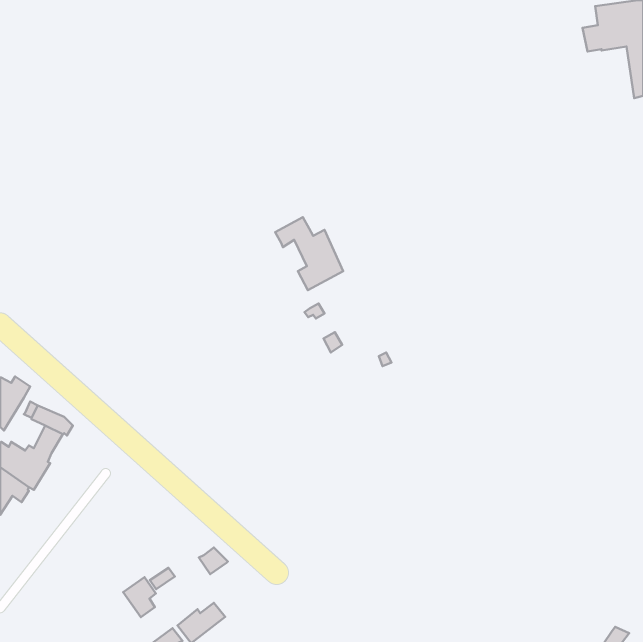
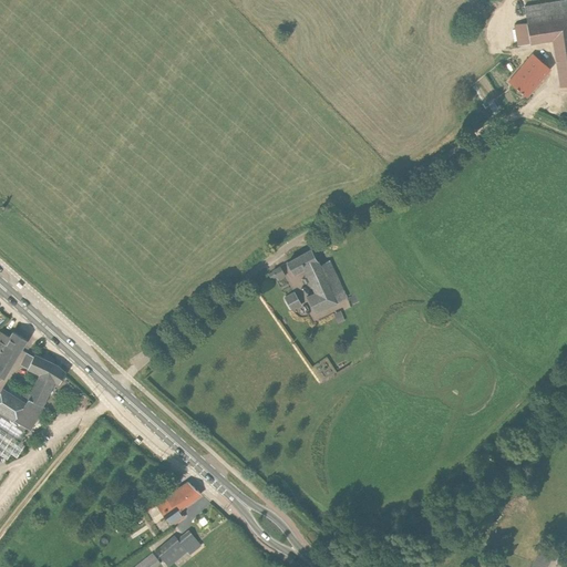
building: none -> [508,55,549,97]
building: [275,217,343,290] -> [287,250,347,315]
building: [123,577,156,617] -> [156,492,185,527]

